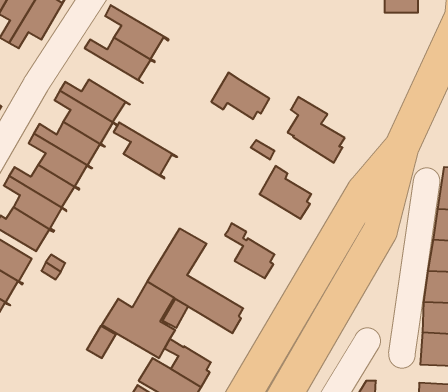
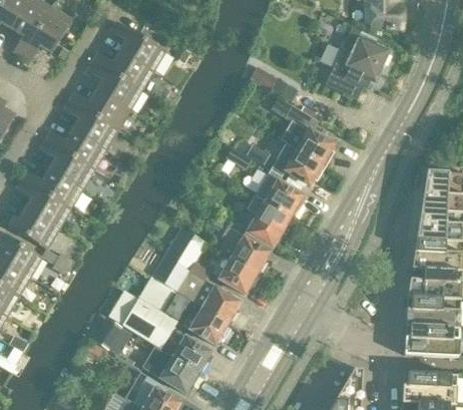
building: none -> [329,28,388,97]
building: [211,73,269,119] -> [269,142,323,185]
building: [114,122,177,179] -> [86,60,145,112]
building: none -> [245,195,292,248]
building: none -> [217,258,259,293]
building: none -> [181,308,228,344]

